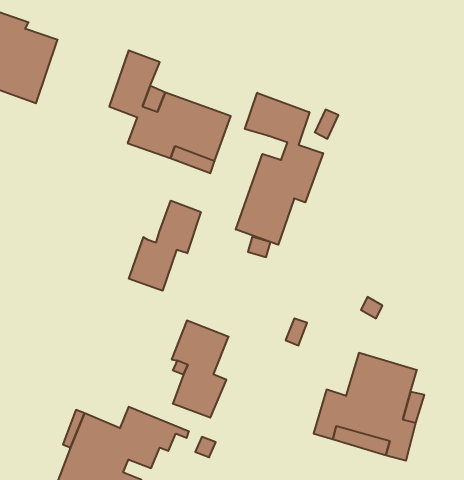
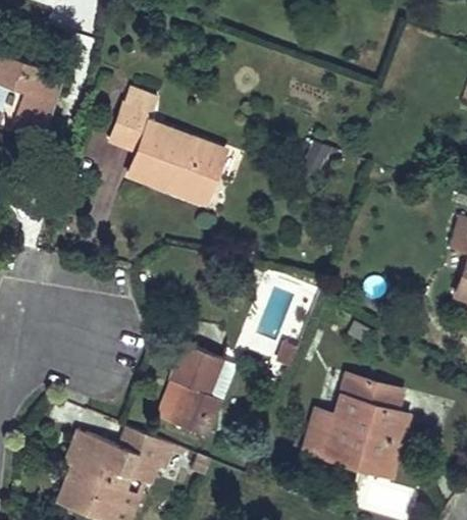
building: [236,93,323,245] -> none
building: [129,201,201,291] -> none

